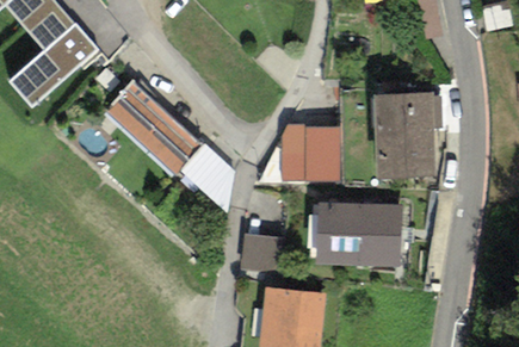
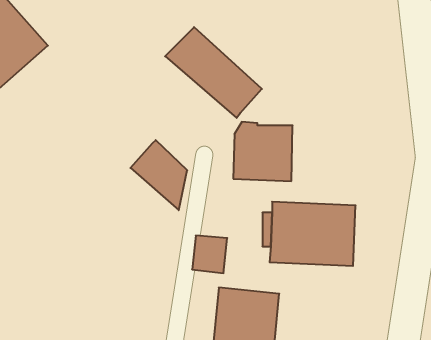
building: [105,85,200,174] -> [165,27,262,118]
building: [376,93,435,176] -> none

